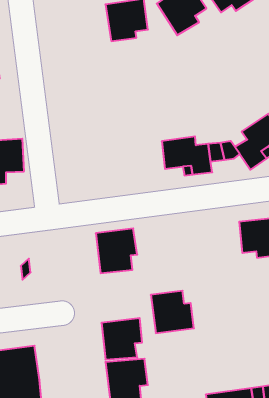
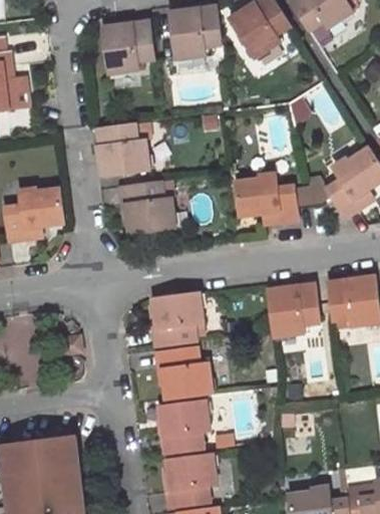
building: none -> [100,22,151,74]
building: none -> [96,125,147,176]
building: none -> [121,183,173,234]
building: none -> [269,285,321,337]
building: [151,291,194,333] -> [160,347,214,400]

